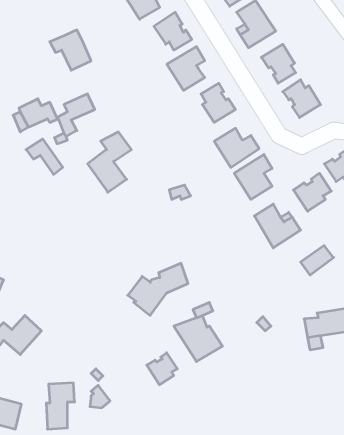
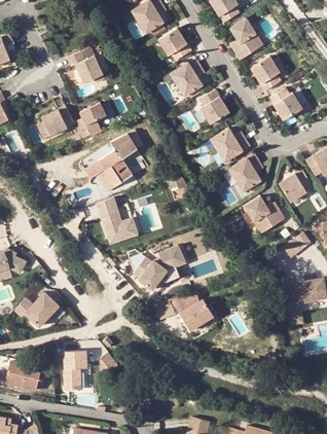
building: [26,139,63,174] -> [85,160,117,191]
building: none -> [98,198,140,245]
building: [147,353,177,385] -> none

